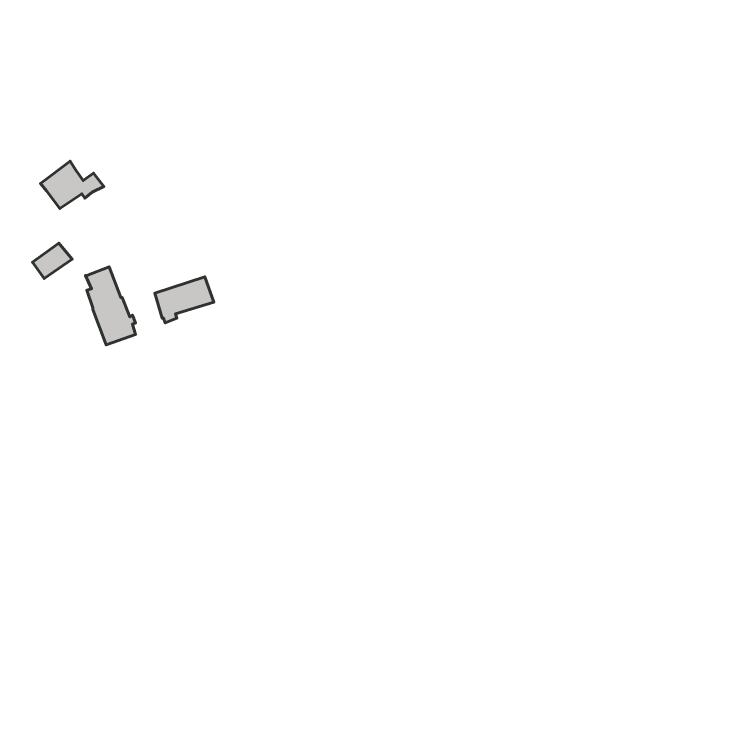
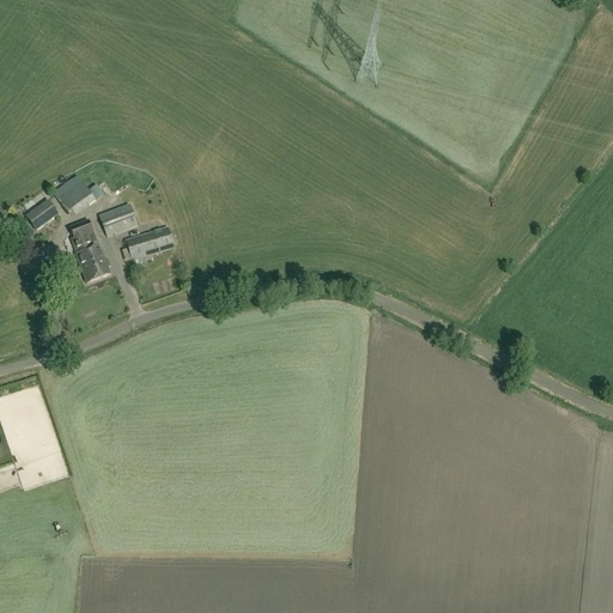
building: [41,161,104,208] -> [53,172,104,211]
building: none -> [98,201,136,233]

